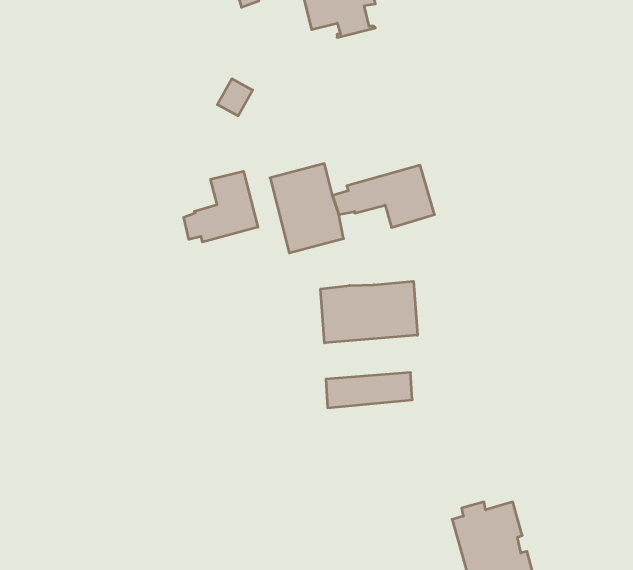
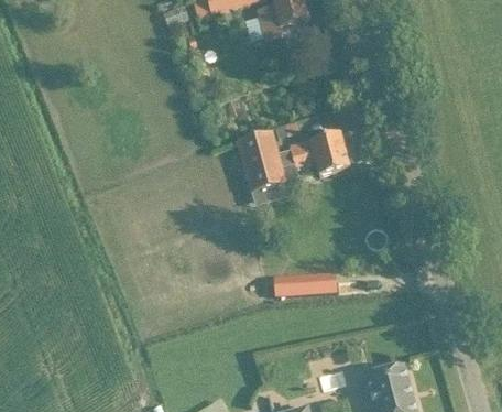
building: [184,171,258,242] -> none
building: [321,281,417,343] -> none

